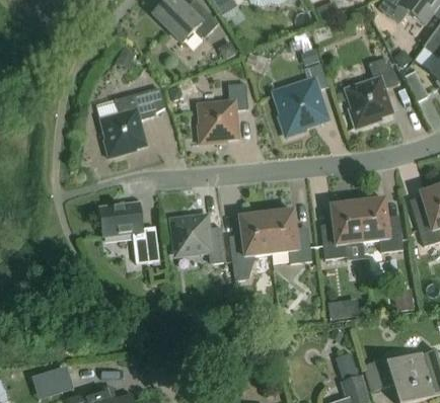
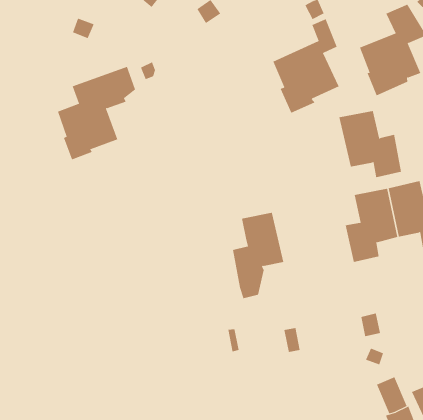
building: [198,83,248,144] -> none
building: [99,202,159,263] -> none
building: [265,210,311,263] -> [338,110,402,178]
building: [172,216,225,263] -> none

